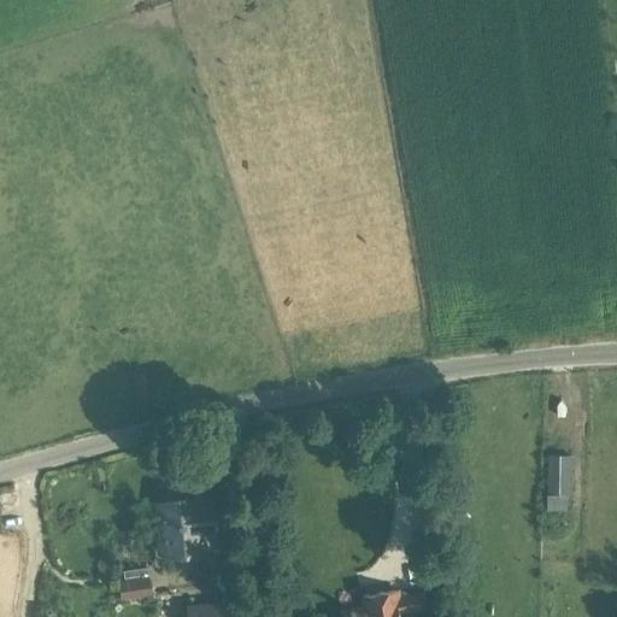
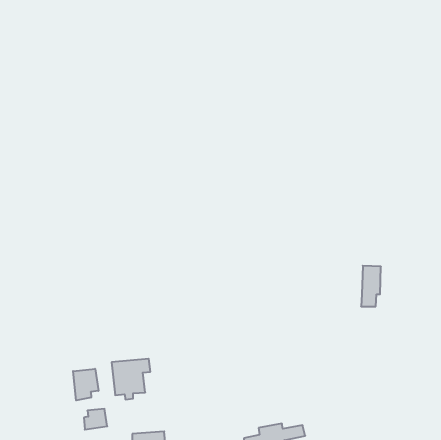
building: [546,457,574,513] -> [361,266,381,306]
building: none -> [73,369,98,400]

